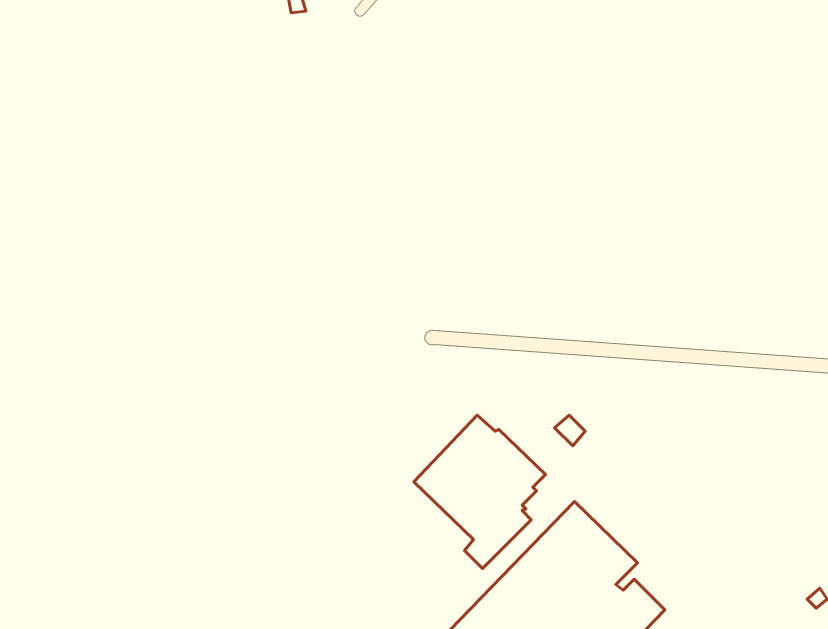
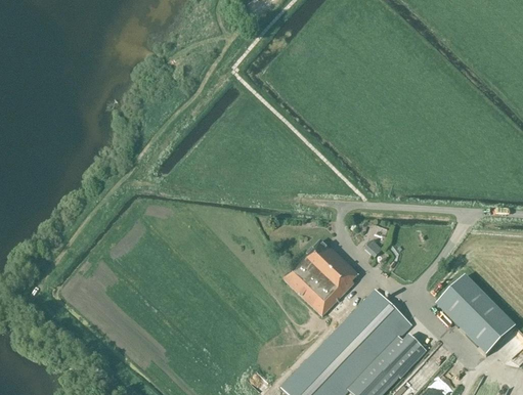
building: none -> [434,272,514,352]

